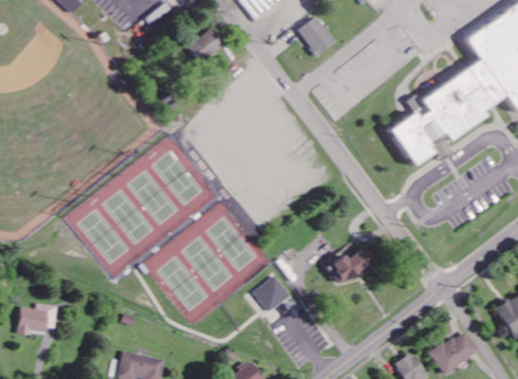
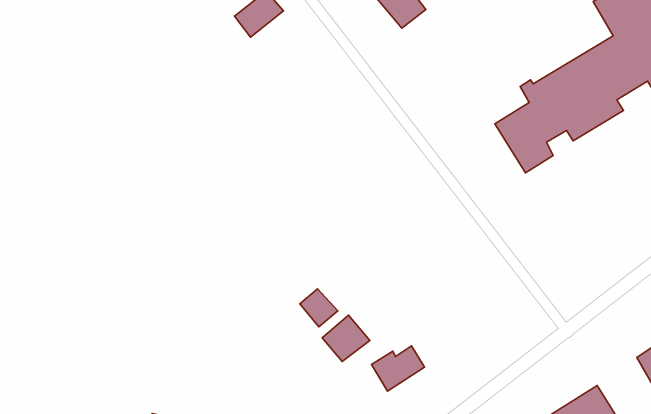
building: [329,251,370,285] -> [371,346,425,391]
building: none -> [300,289,338,327]
building: [18,303,58,335] -> none

